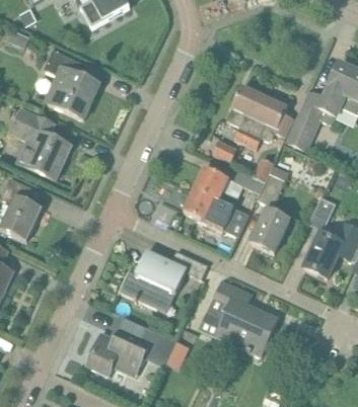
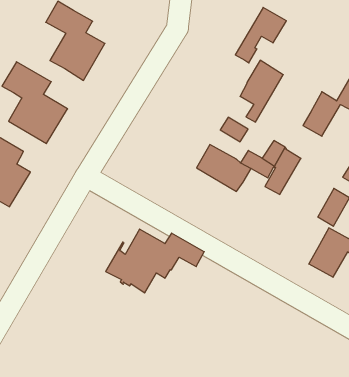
building: [243,96,287,148] -> [235,7,286,63]
building: [184,188,248,235] -> none
building: [250,208,290,252] -> none
building: [201,279,277,354] -> none
building: [86,326,177,375] -> none

